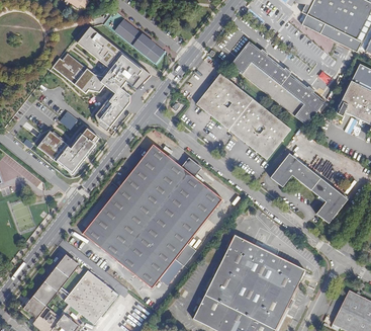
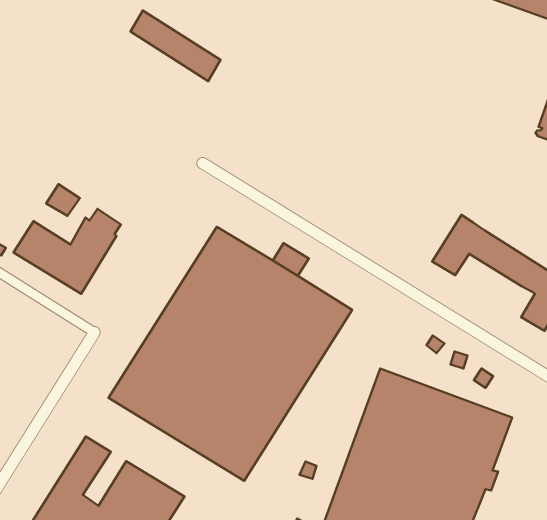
building: [53,27,151,132] -> none
building: [229,42,324,126] -> none
building: [196,73,290,159] -> none

